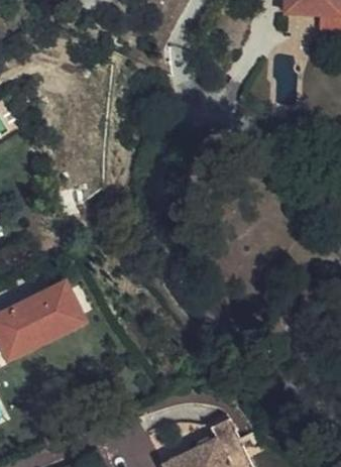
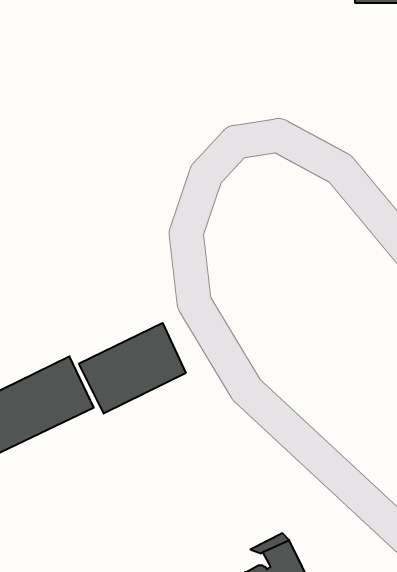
building: none -> [79,323,186,414]

